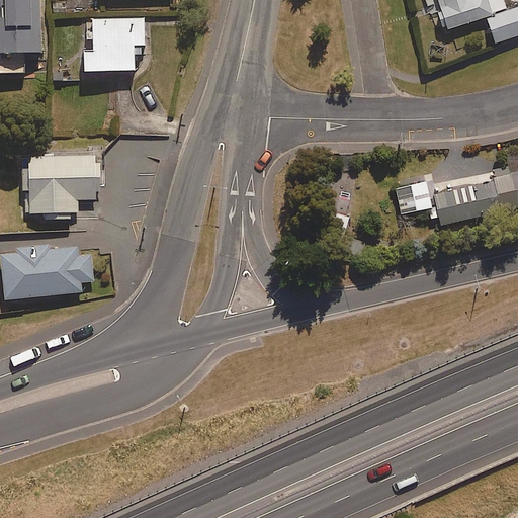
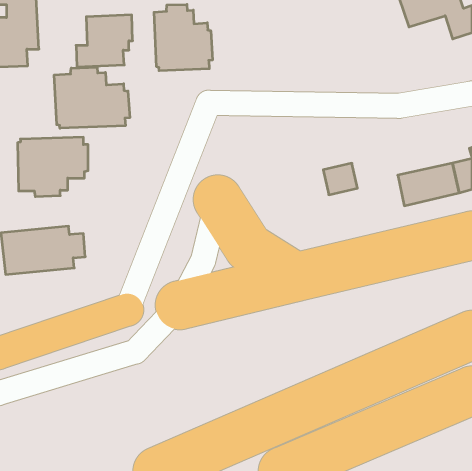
building: none -> [154,4,212,71]
building: none -> [54,67,130,128]
building: [395,180,432,214] -> [323,163,357,195]

